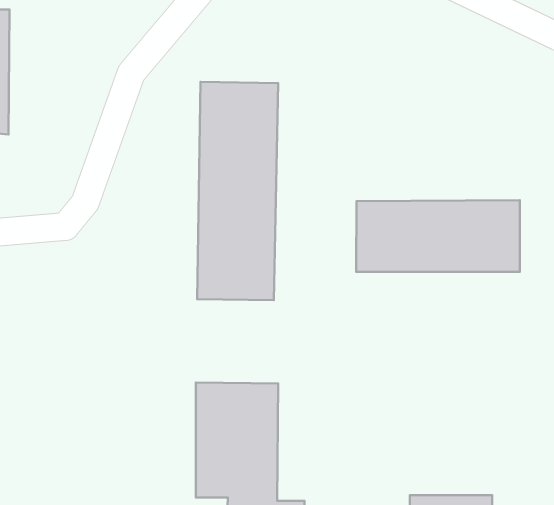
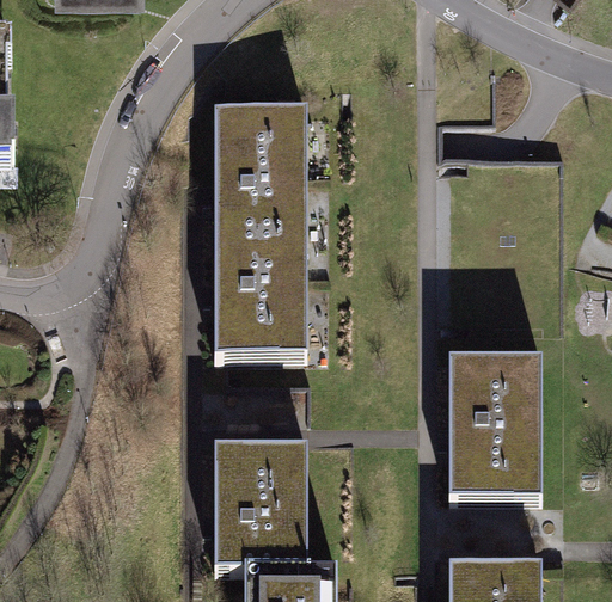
building: [356,200,520,272] -> none
building: none -> [448,356,541,500]

